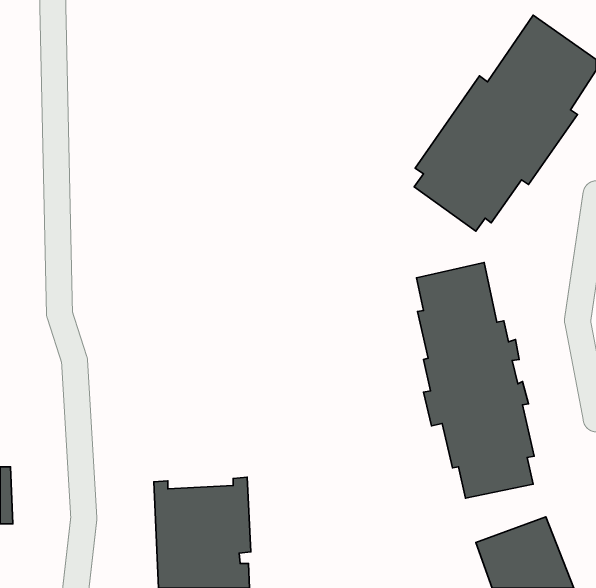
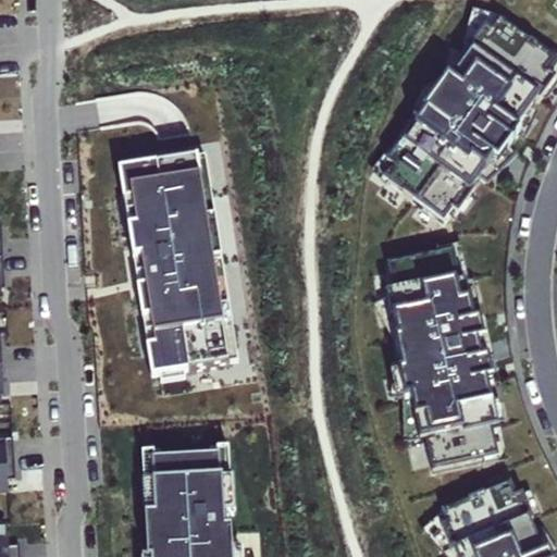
building: none -> [119,154,230,370]

